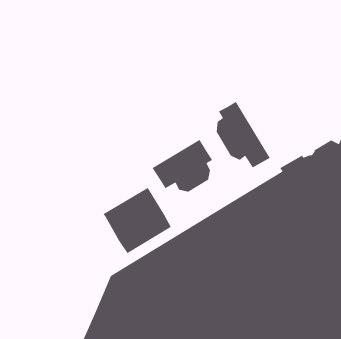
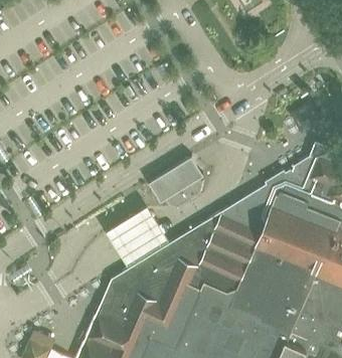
building: [216,101,271,168] -> none

